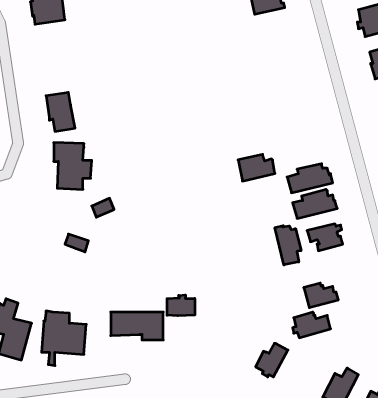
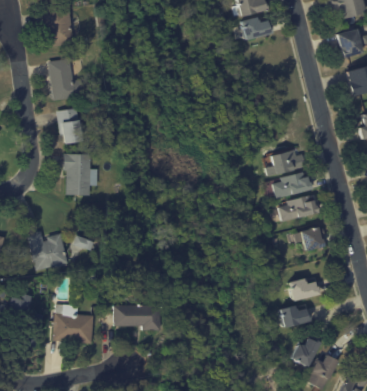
building: none -> [48,59,83,100]
building: [238,154,275,181] -> [271,150,304,174]
building: [275,226,301,265] -> none
building: none -> [28,231,68,270]
building: [167,295,195,316] -> none
building: [256,343,288,377] -> [292,337,321,367]

